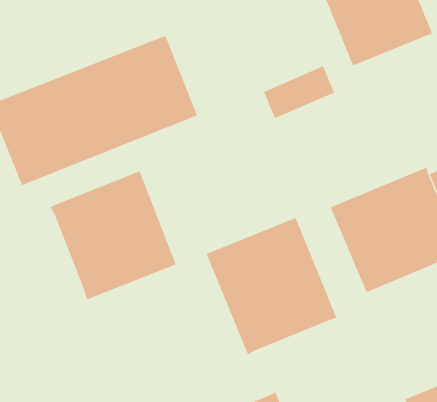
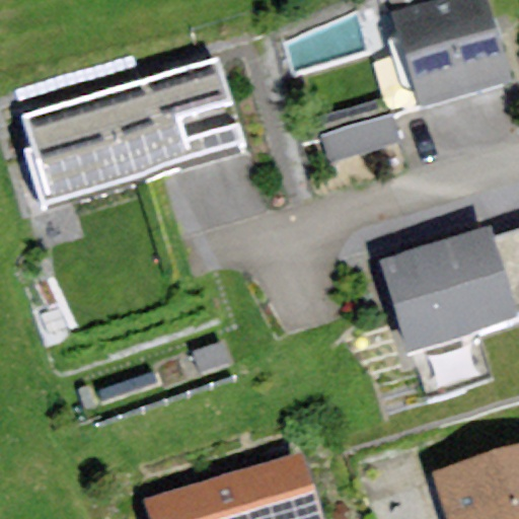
building: [50,171,177,300] -> none
building: [206,217,337,355] -> none

